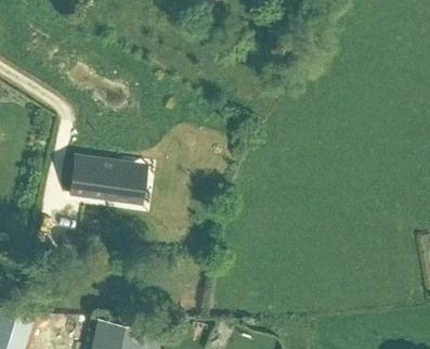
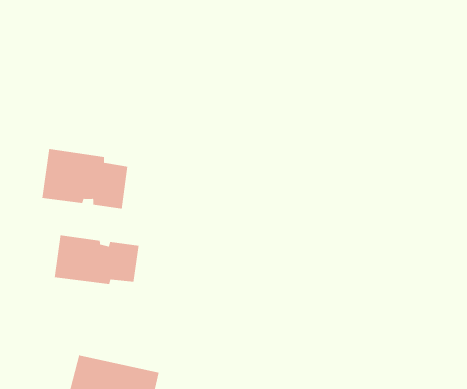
building: none -> [54,235,139,285]

